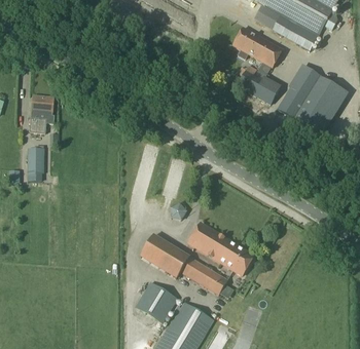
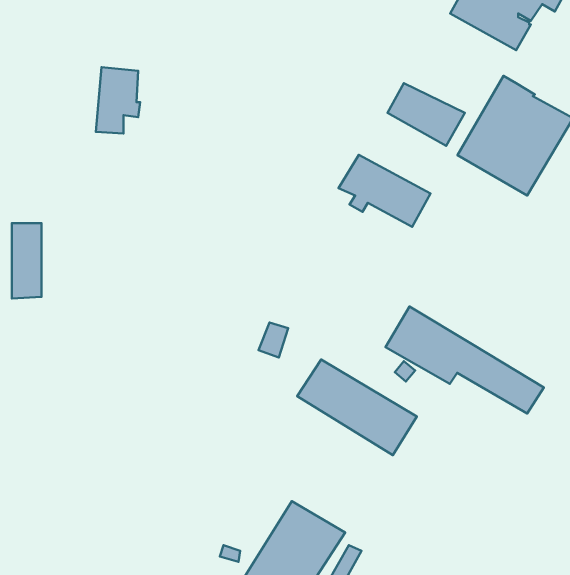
building: [231,27,283,67] -> [339,155,431,227]
building: [30,95,55,132] -> [96,67,140,134]
building: [140,234,228,294] -> [386,307,544,413]
building: [135,281,177,323] -> none

